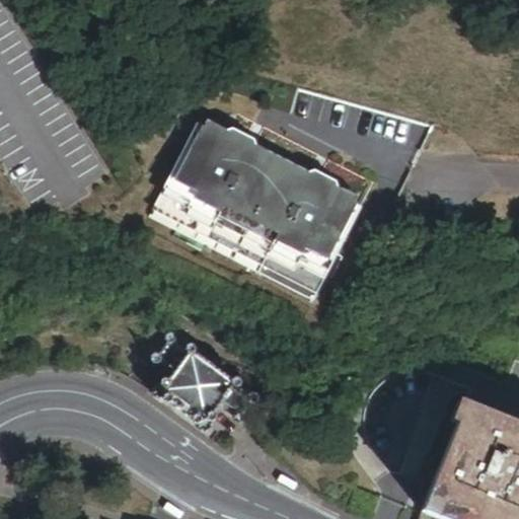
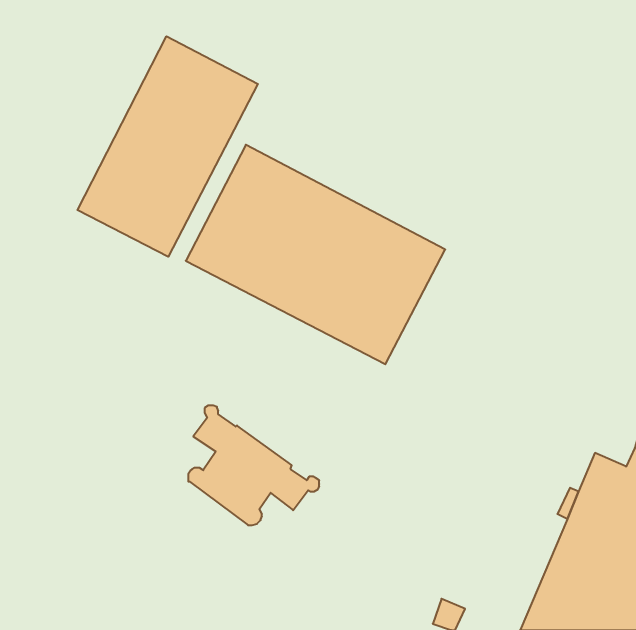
building: none -> [77,36,258,257]

